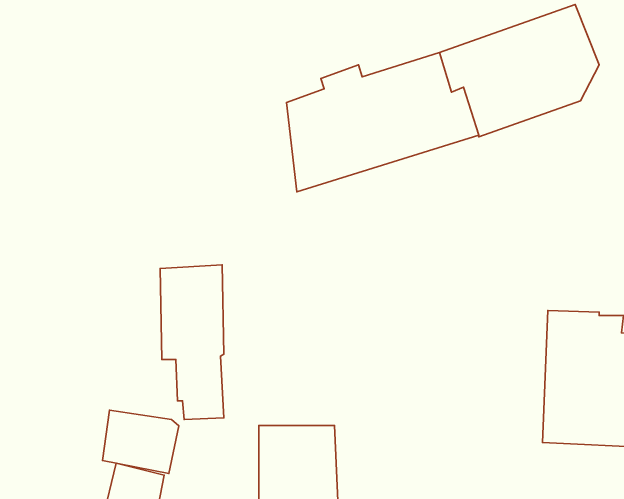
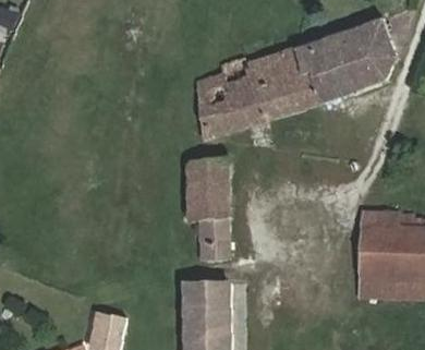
building: [160,265,224,420] -> [189,159,229,257]
building: [103,410,179,474] -> none

